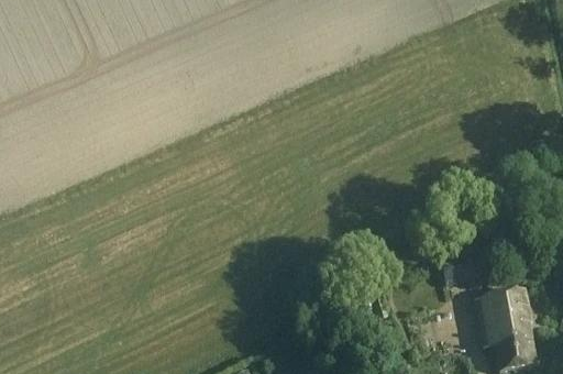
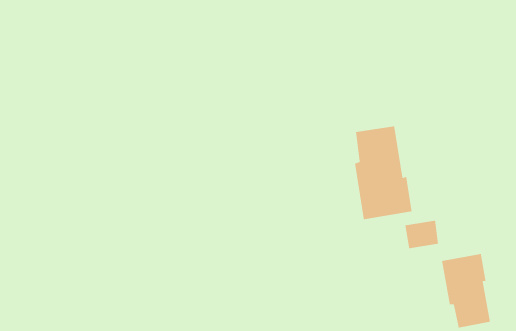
building: none -> [354,125,413,220]

